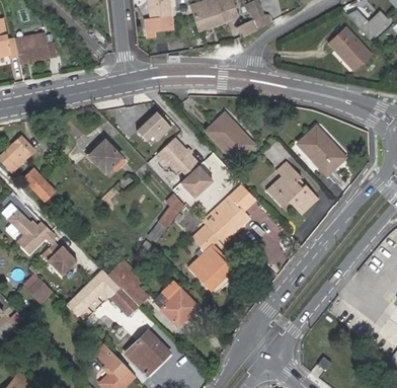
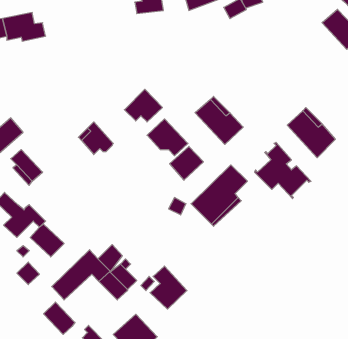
building: [152,196,184,228] -> none
building: [188,228,231,291] -> none
building: none -> [44,302,75,334]

